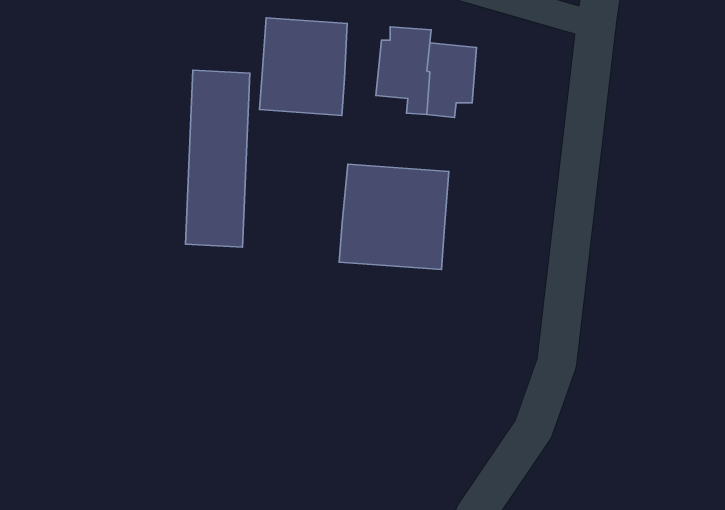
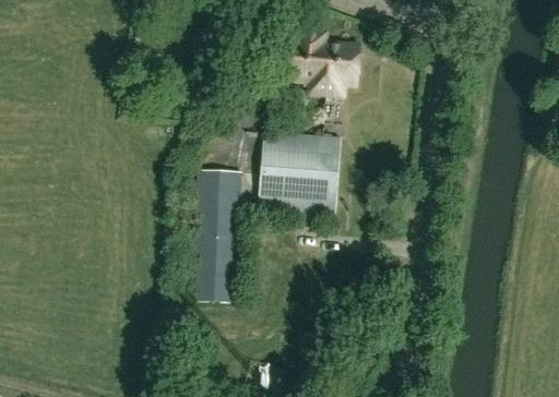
building: [260,18,347,116] -> none
building: [186,70,250,247] -> [192,167,240,299]

